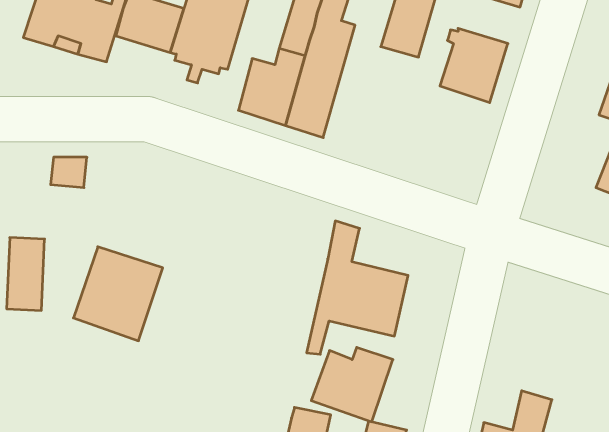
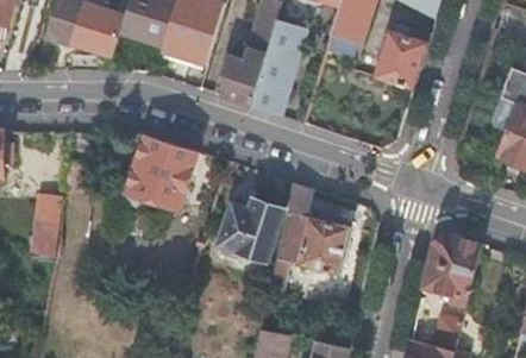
building: [73,247,163,341] -> [127,134,198,208]
building: none -> [421,234,482,307]
building: [311,347,393,422] -> [218,201,282,259]

